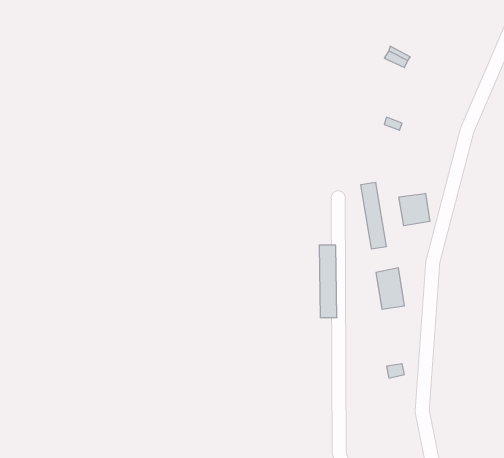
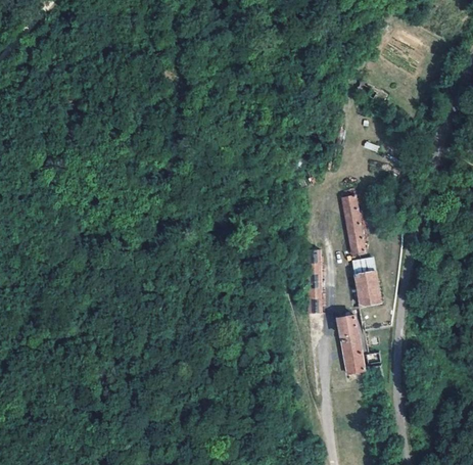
building: [399,193,430,226] -> none
building: none -> [338,315,364,379]

